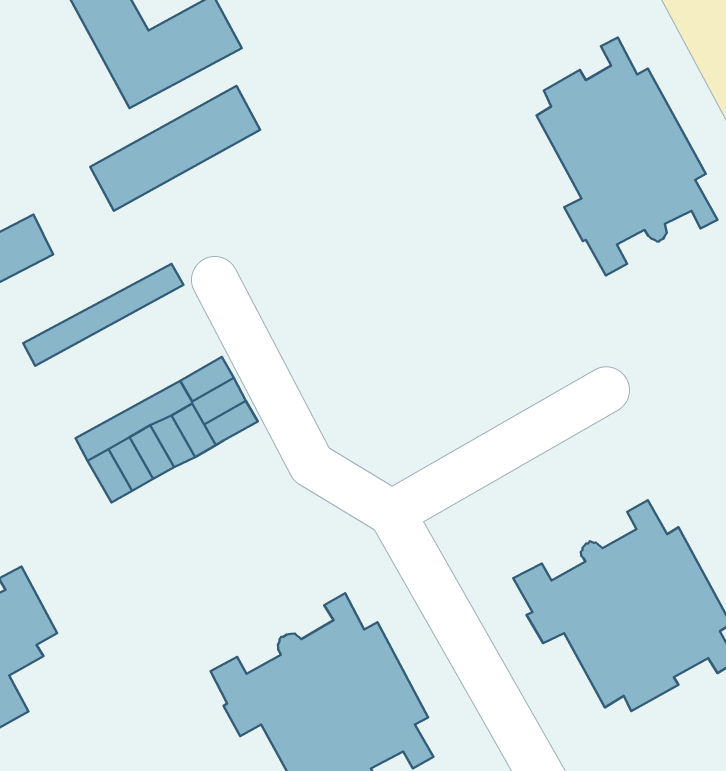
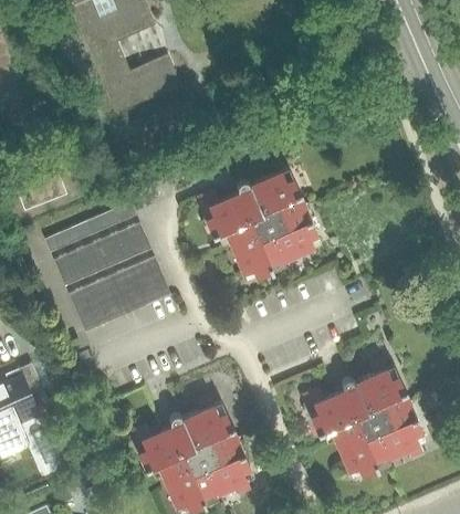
building: [537,37,717,275] -> none
building: [90,86,260,211] -> [54,225,150,289]
building: none -> [199,171,317,277]

